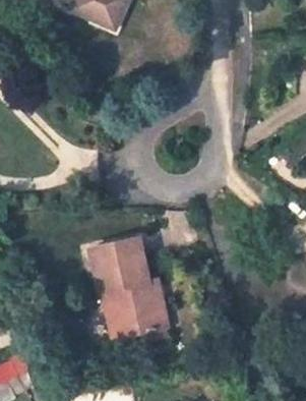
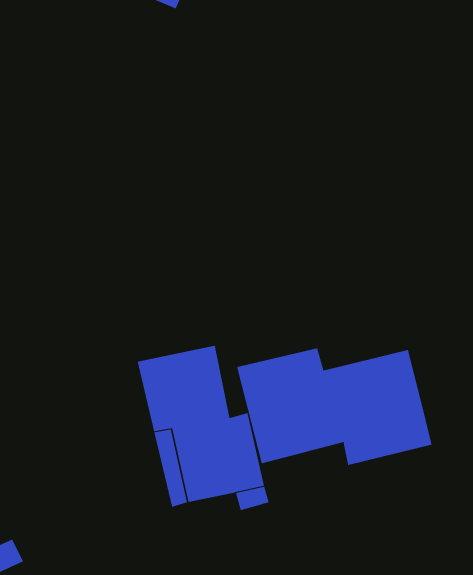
building: none -> [237,348,432,466]

